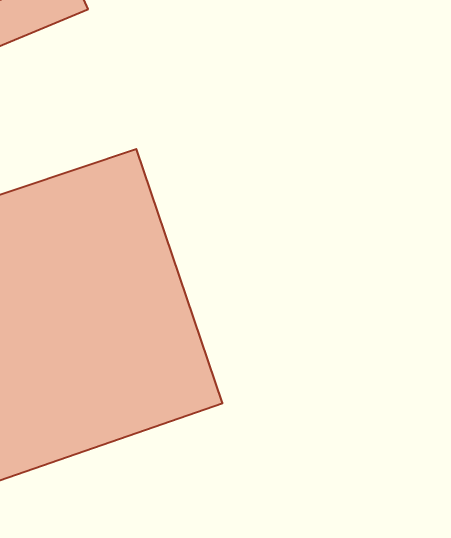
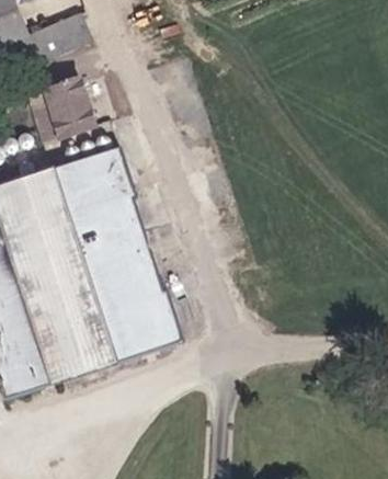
building: none -> [25,78,89,136]

